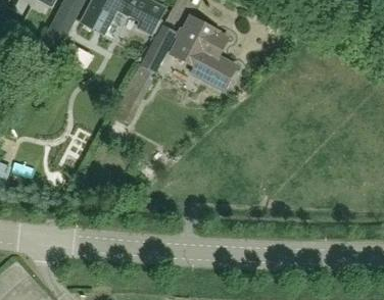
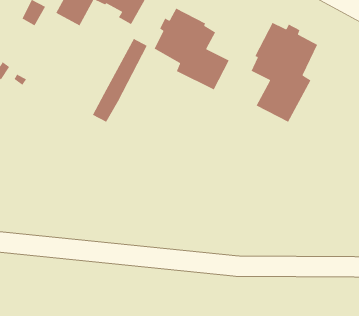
building: none -> [251,22,318,123]

